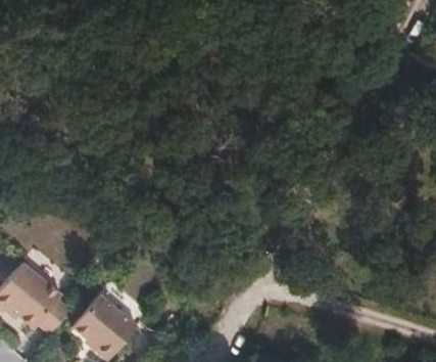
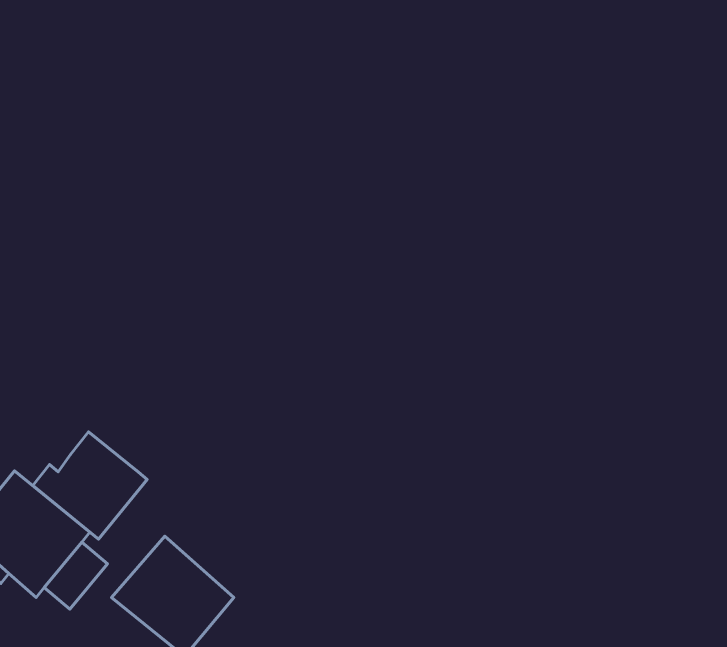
building: none -> [33,432,147,539]

